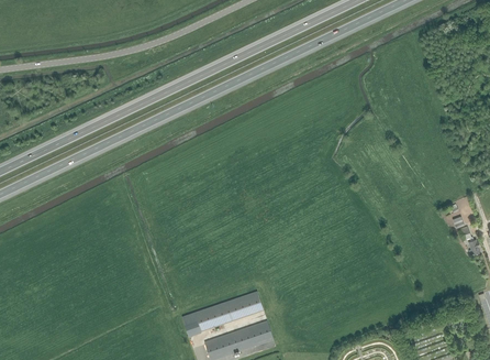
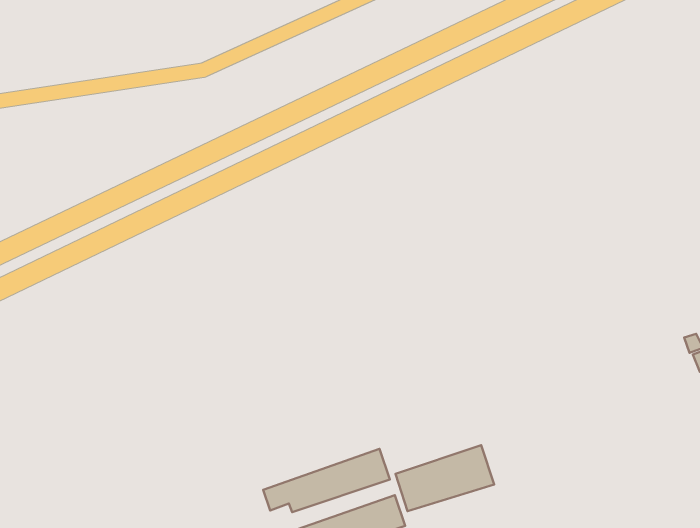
building: none -> [395,445,494,511]

